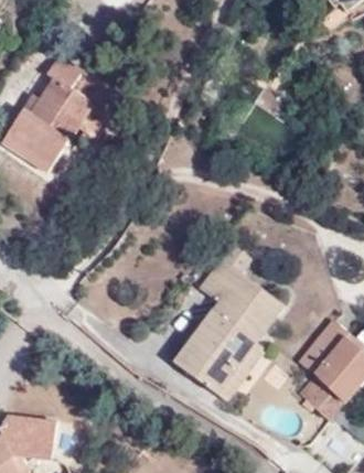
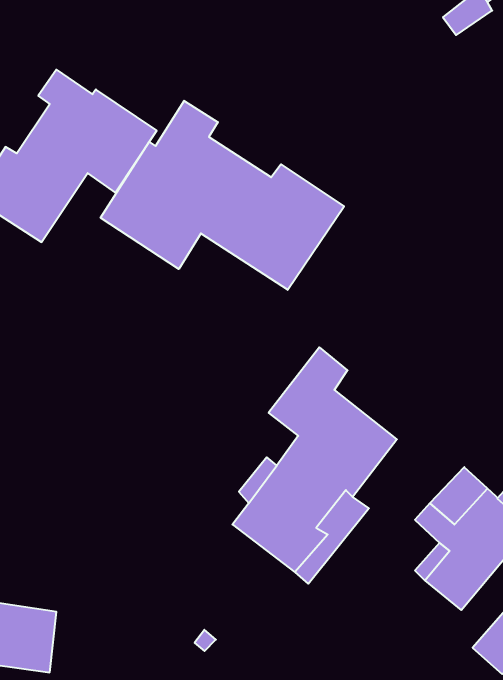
building: none -> [101,101,344,290]

